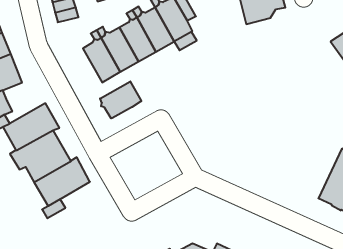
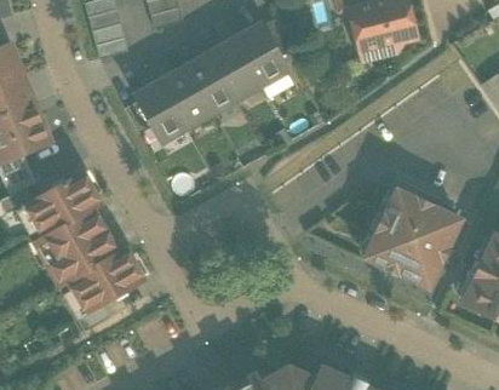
building: [100,81,141,118] -> none
building: none -> [365,189,459,287]

